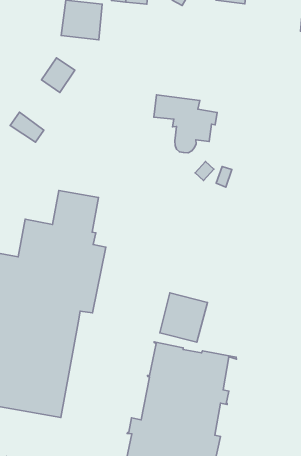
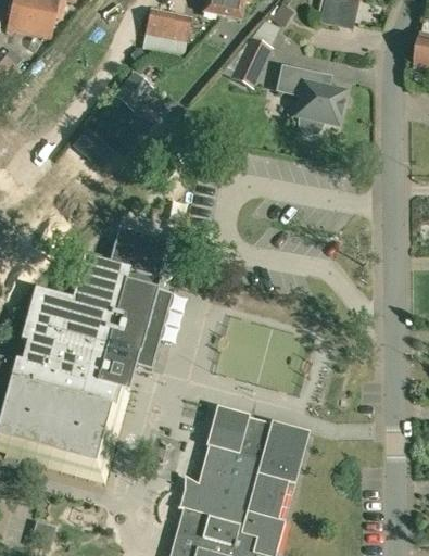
building: none -> [231,36,274,88]
building: [154,95,217,153] -> [278,64,351,134]
building: [160,293,208,342] -> none

